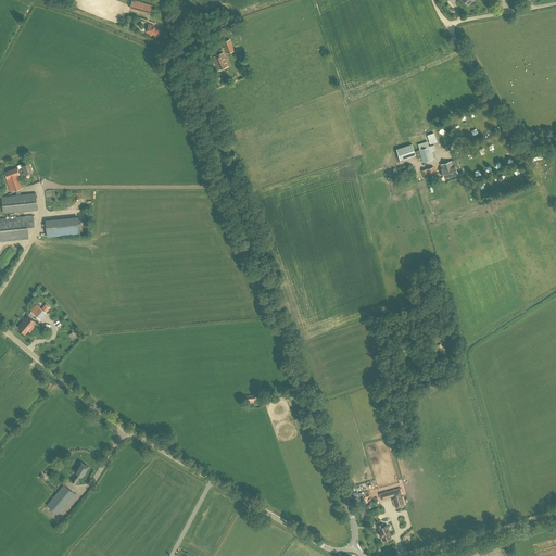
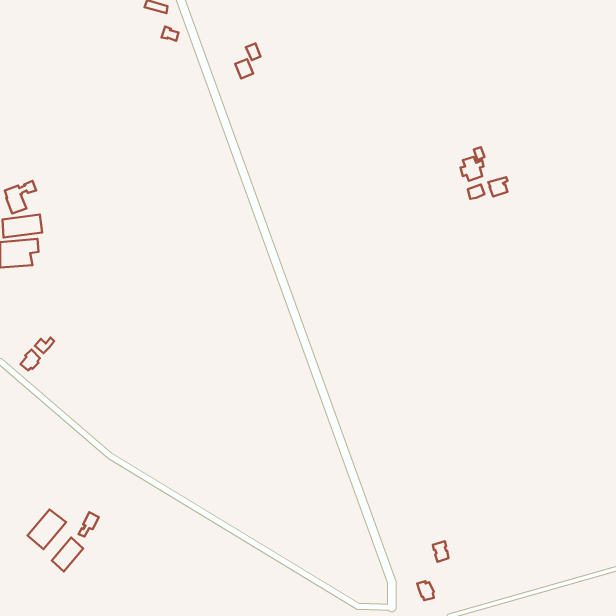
building: [46,216,79,237] -> none
building: none -> [27,509,66,549]

